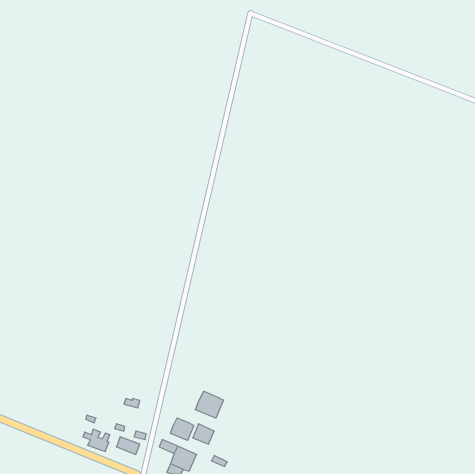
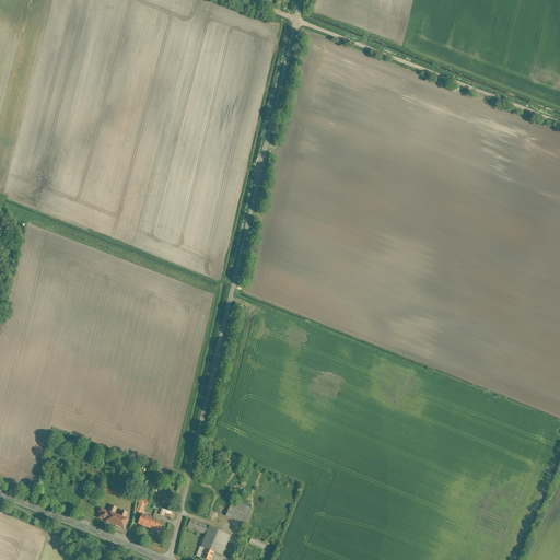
building: [196,391,223,418] -> none
building: [171,418,194,440] -> none

